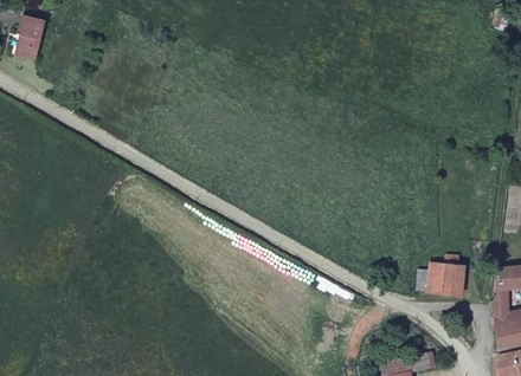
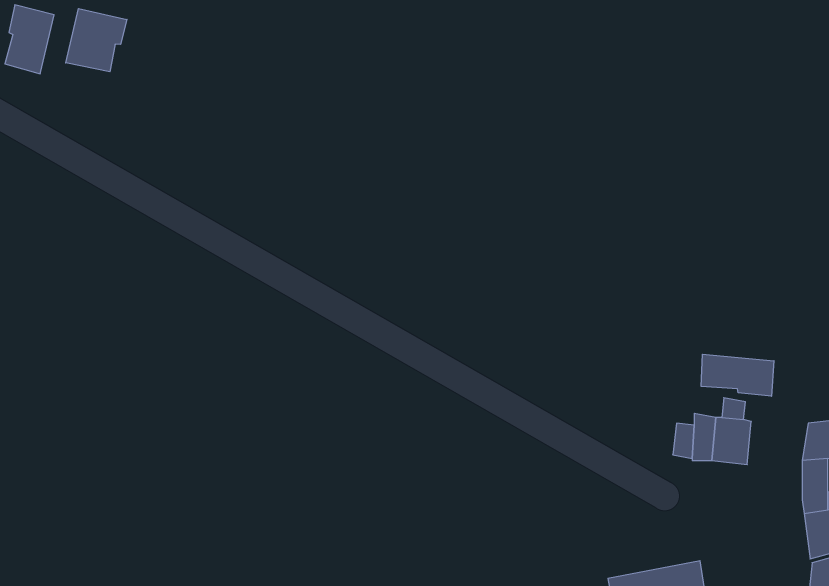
building: none -> [66,9,127,72]
building: none -> [701,354,774,396]

